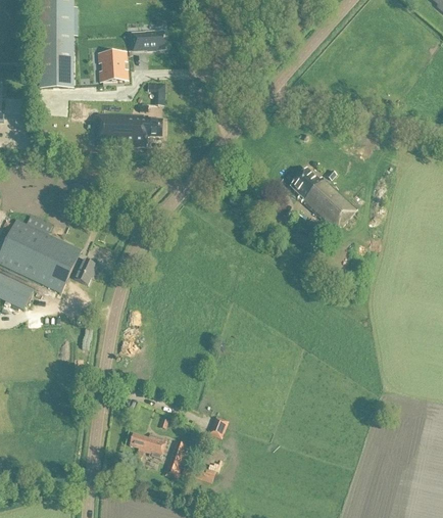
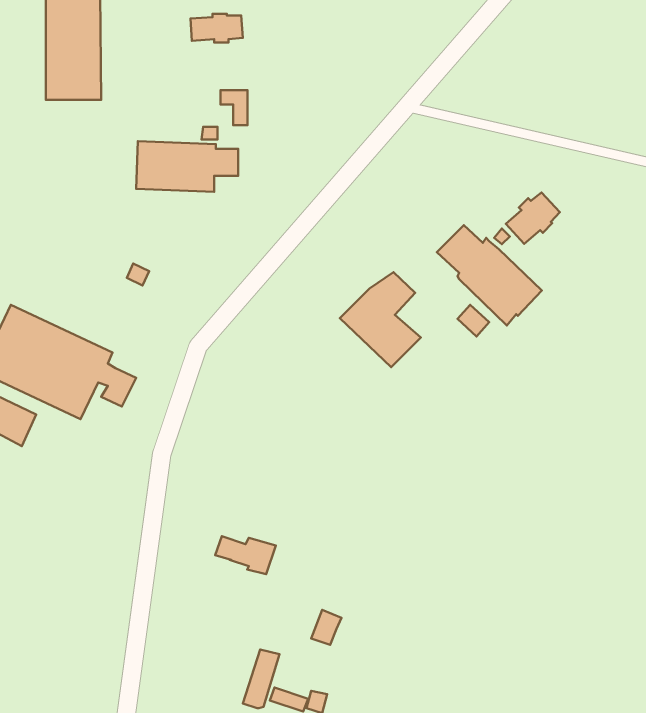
building: [100,54,132,86] -> none
building: none -> [506,192,560,244]
building: none -> [340,272,421,367]
building: [128,432,166,457] -> [215,536,276,574]

